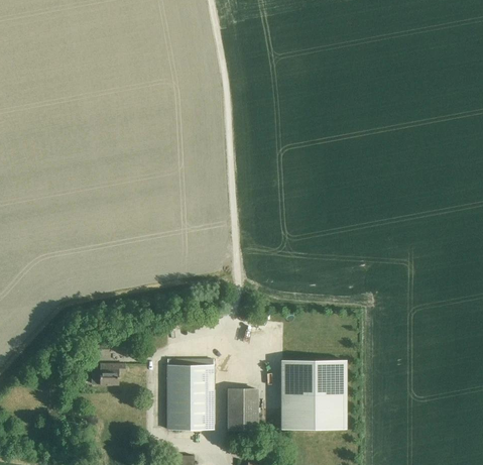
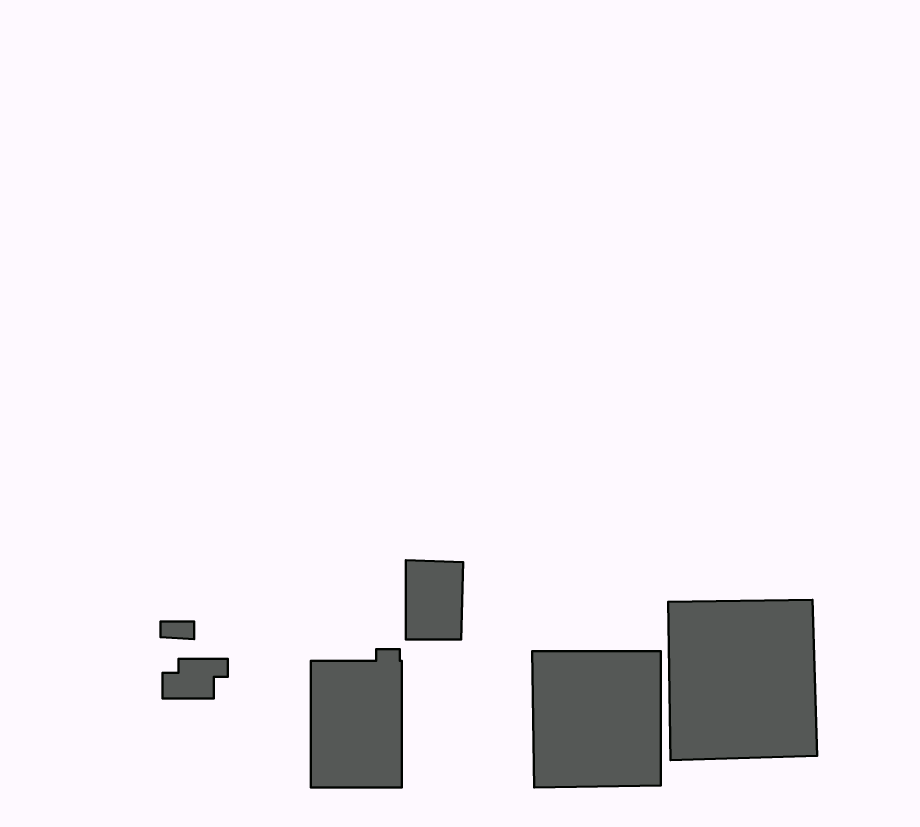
building: none -> [668,600,817,760]
building: [227,389,256,430] -> [406,560,463,639]

